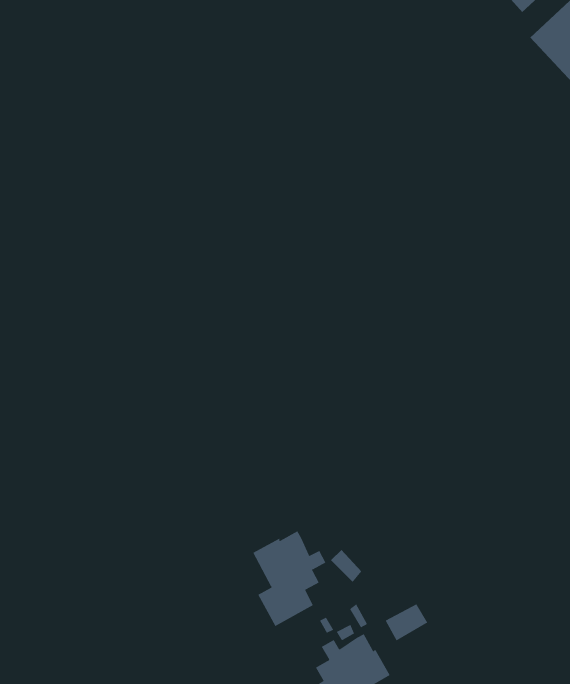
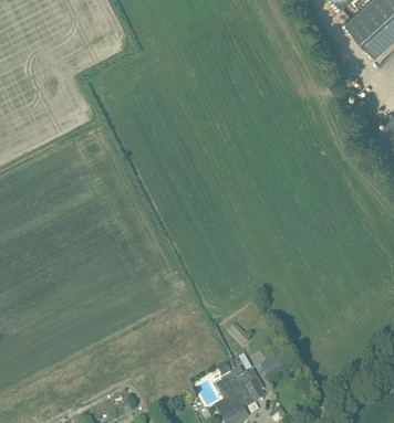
building: [252,531,326,627] -> none

